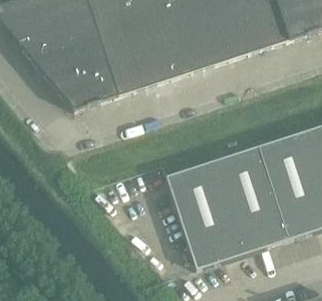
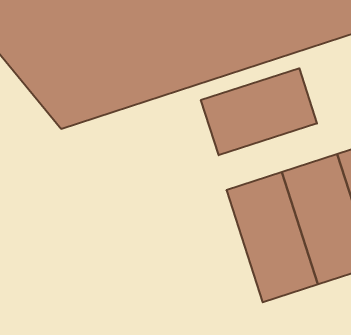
building: none -> [201,68,317,155]
building: [167,160,243,268] -> none

